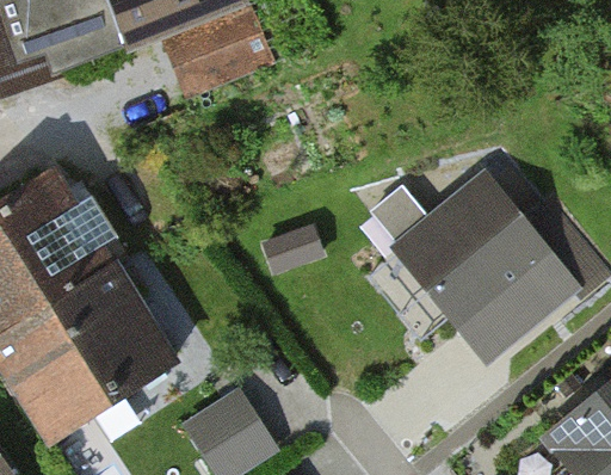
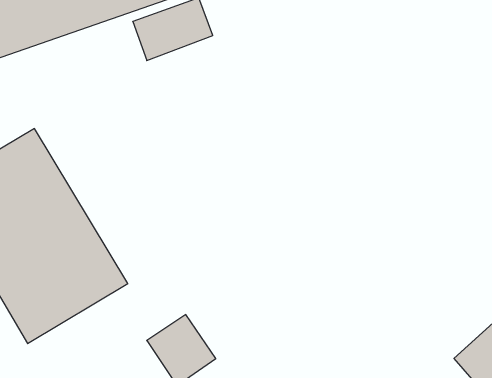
building: [395,175,586,370] -> none

